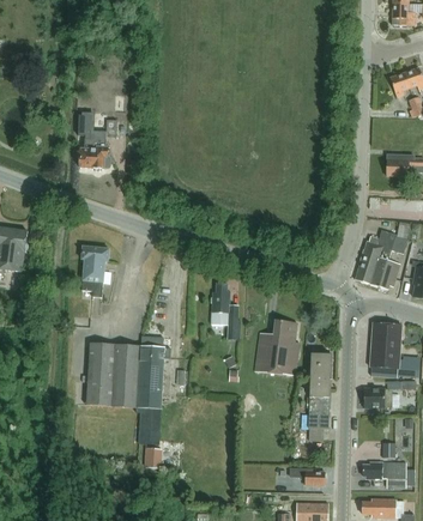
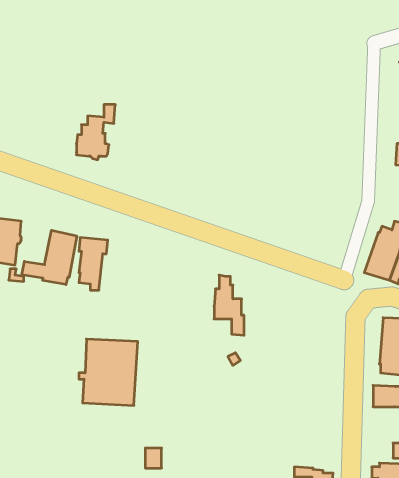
building: none -> [22,230,77,285]
building: [256,320,300,374] -> none
building: [135,335,171,430] -> none
building: [309,352,332,428] -> none

